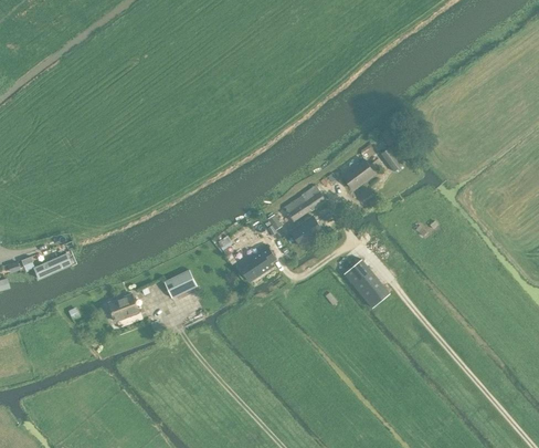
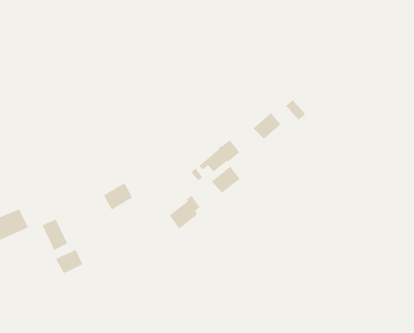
building: none -> [42,219,68,251]
building: [342,259,388,308] -> none
building: [162,269,195,299] -> [103,182,133,210]

